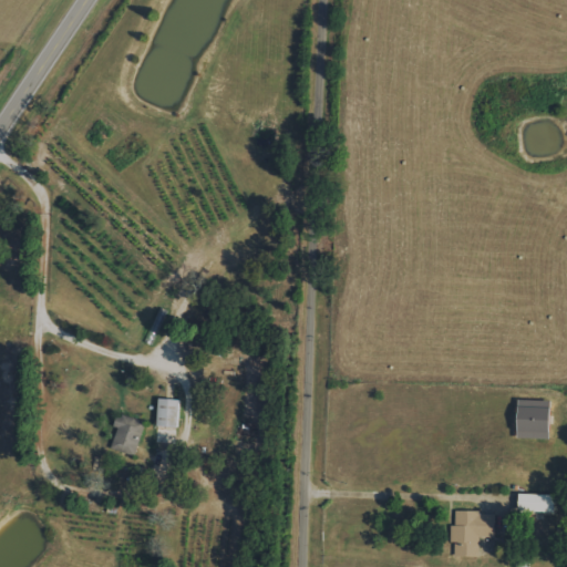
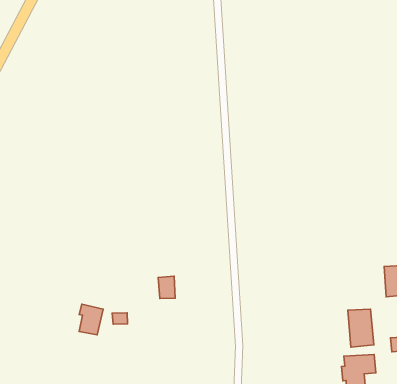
building: [156,399,177,427] -> [158,276,175,299]
building: none -> [348,309,374,347]

